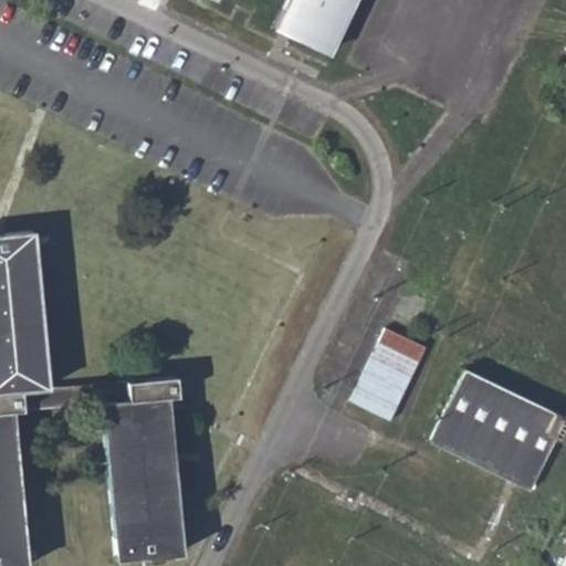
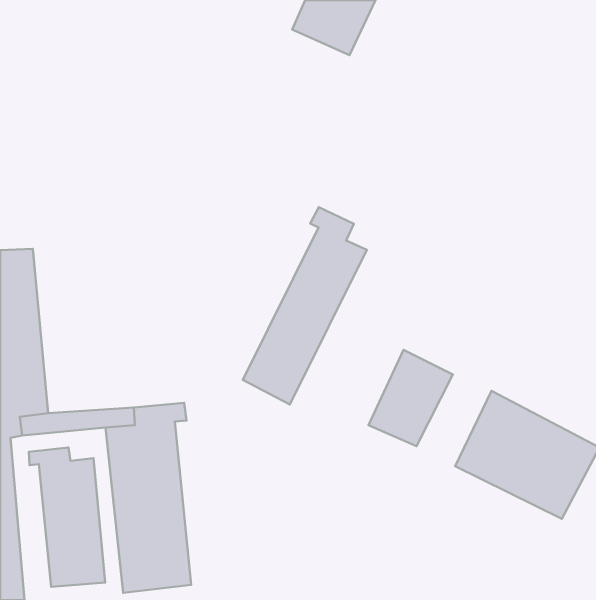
building: none -> [243,207,367,404]
building: none -> [29,448,105,587]

